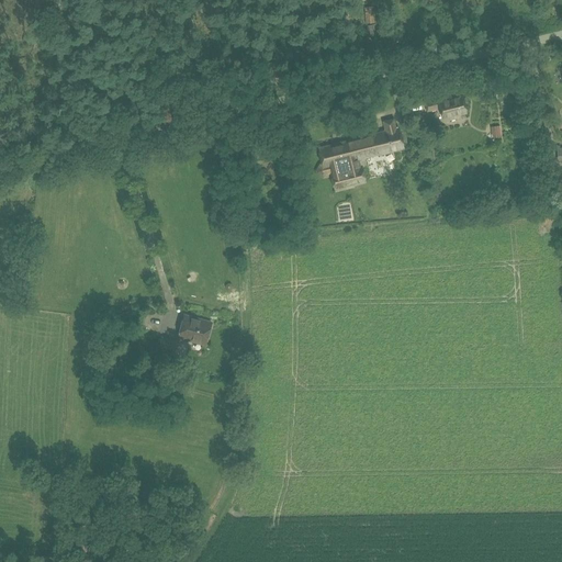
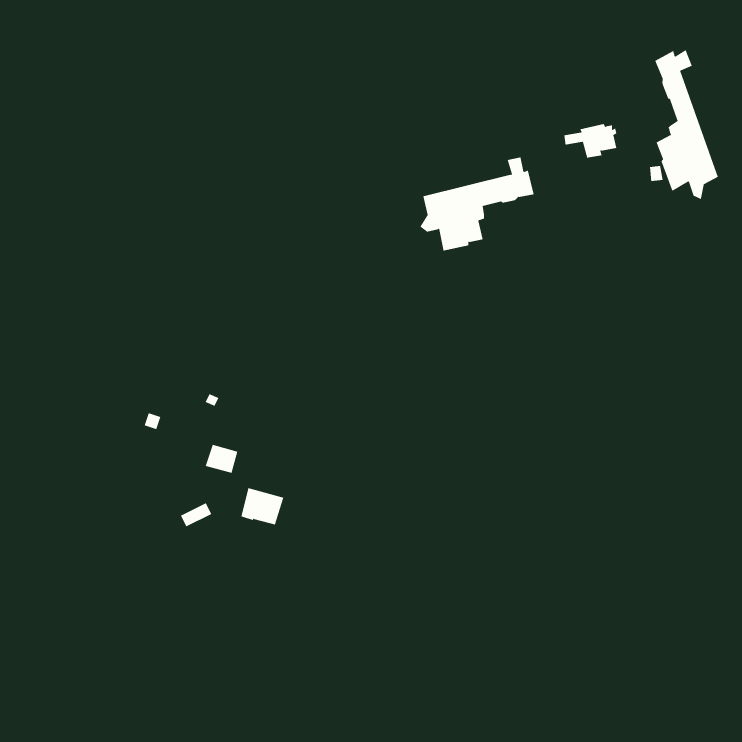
building: none -> [655,49,719,200]
building: [179,315,212,344] -> [241,487,284,525]

